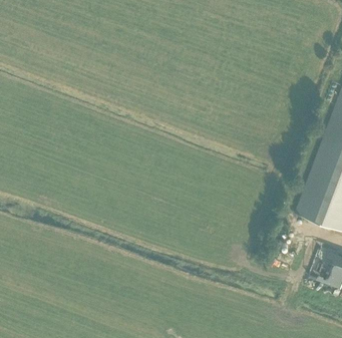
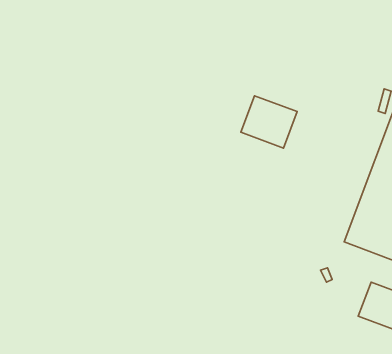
building: none -> [241,96,297,148]

